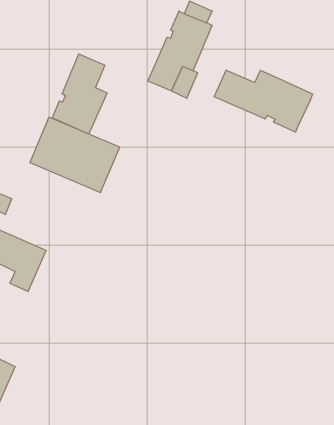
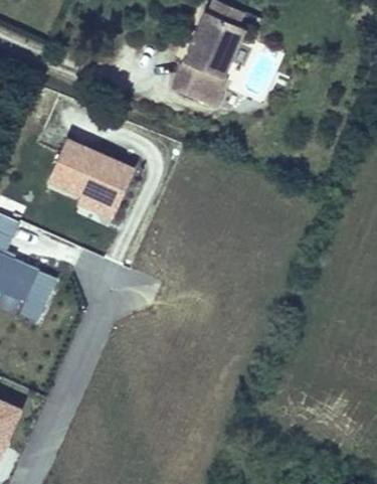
building: [52,54,107,134] -> none
building: [214,70,313,132] -> none

